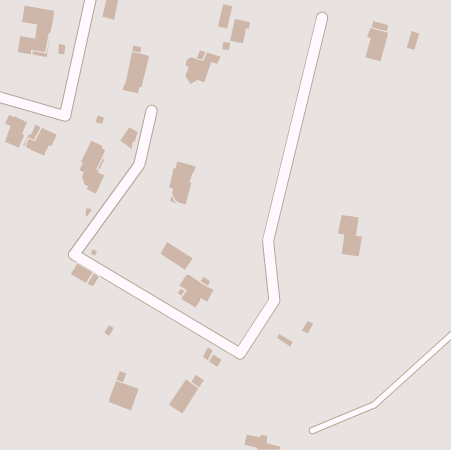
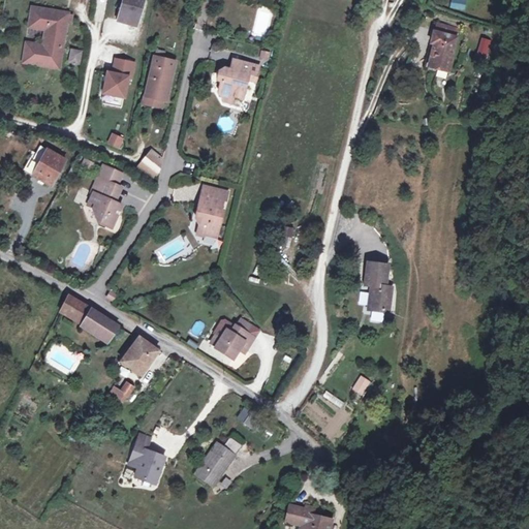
building: [230,18,250,44] -> none
building: none -> [103,59,134,97]
building: [4,114,28,149] -> none
building: [337,214,363,257] -> [363,257,393,307]
building: [160,241,194,271] -> none
building: none -> [58,292,90,320]
building: none -> [122,336,158,374]

